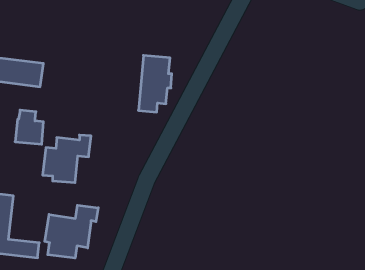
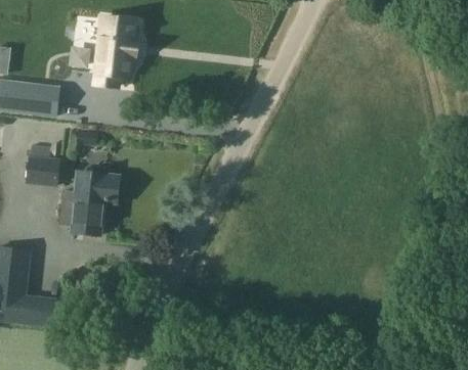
building: [138,55,172,112] -> [91,16,132,86]
building: [45,205,98,258] -> none

